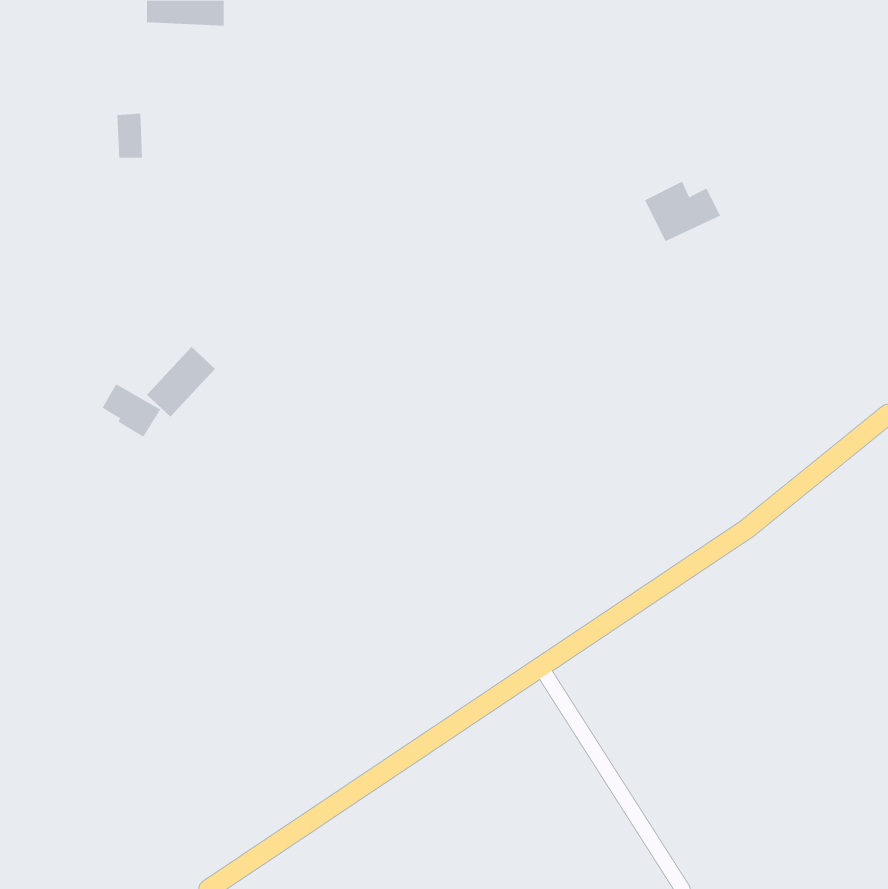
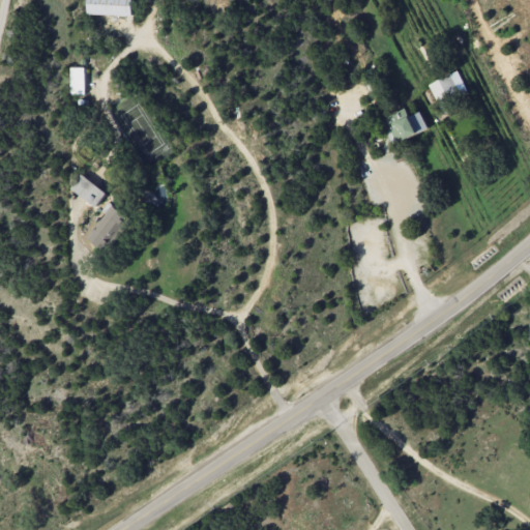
building: none -> [428,73,459,104]
building: [102,384,161,437] -> [71,175,107,207]

